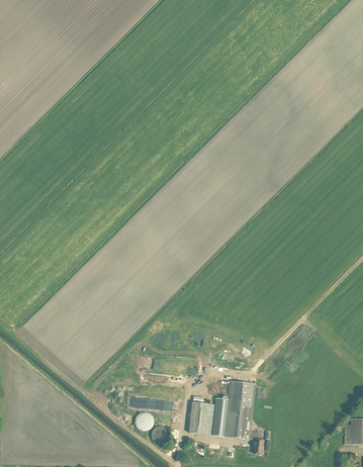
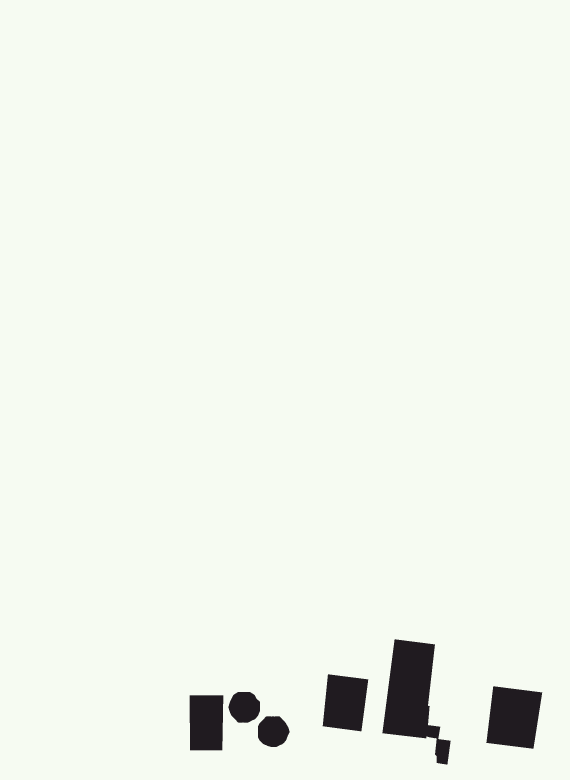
building: none -> [486,686,543,749]
building: none -> [189,694,224,751]

